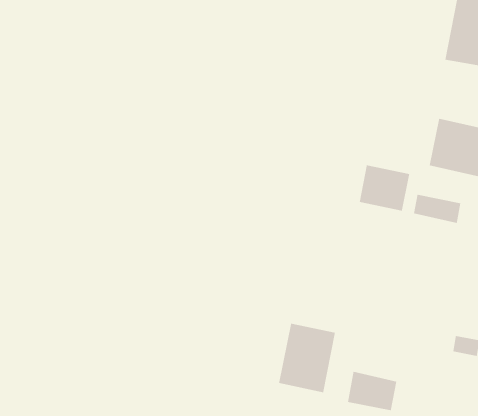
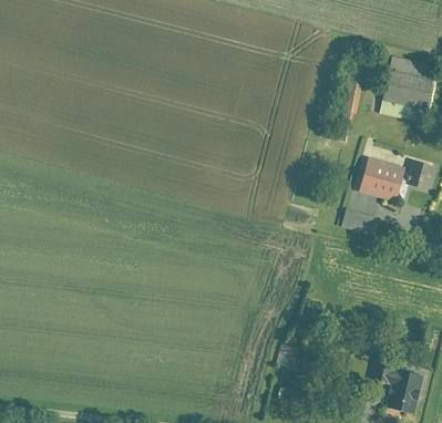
building: [359,165,410,211] -> none
building: [279,323,335,393] -> none

